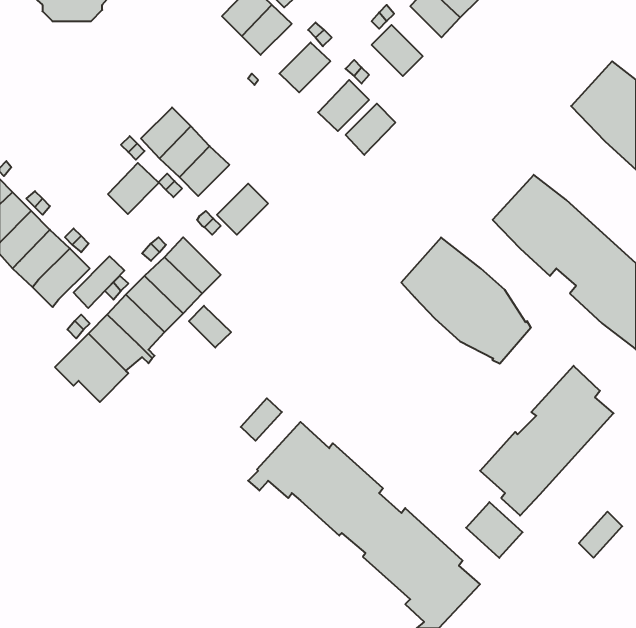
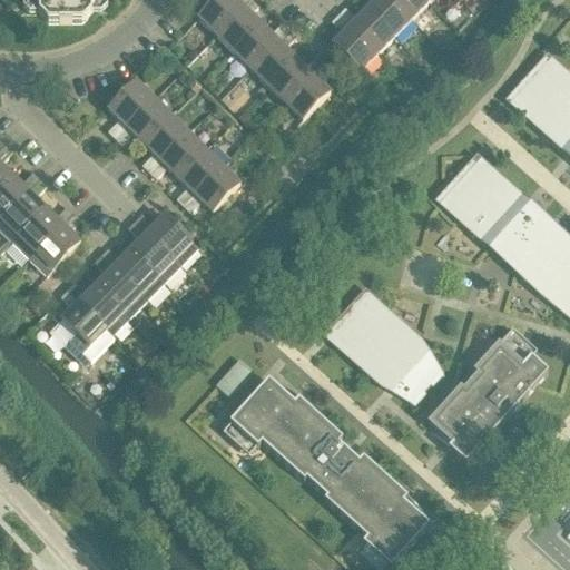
building: none -> [350,6,394,50]
building: none -> [233,21,277,66]
building: [346,104,395,155] -> [267,55,312,100]
building: [108,163,159,214] -> [108,78,154,124]
building: none -> [177,147,222,191]
building: [401,237,531,364] -> [328,291,444,403]
building: [74,256,124,308] -> none
building: [189,306,231,348] -> none
building: [466,502,523,558] -> none
building: [579,512,622,558] -> none

